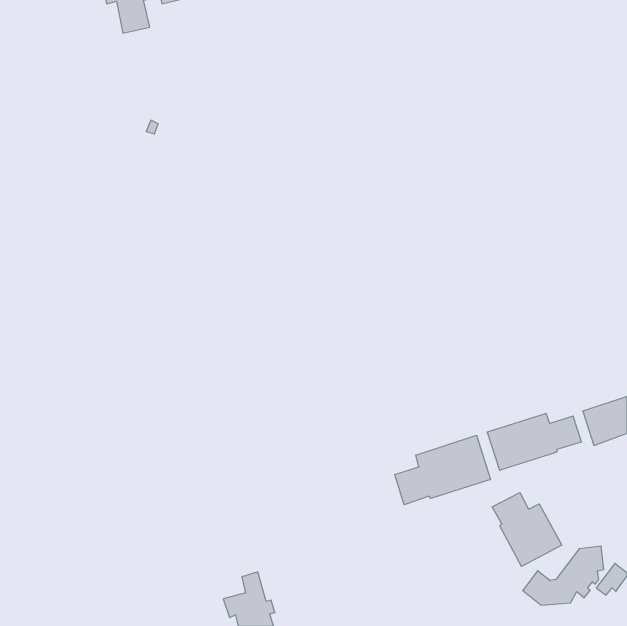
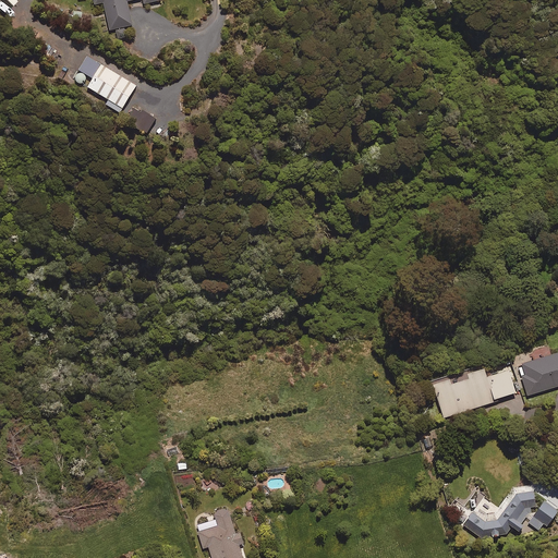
building: none -> [80,56,136,111]
building: [395,435,490,505] -> none
building: [492,493,562,566] -> none

